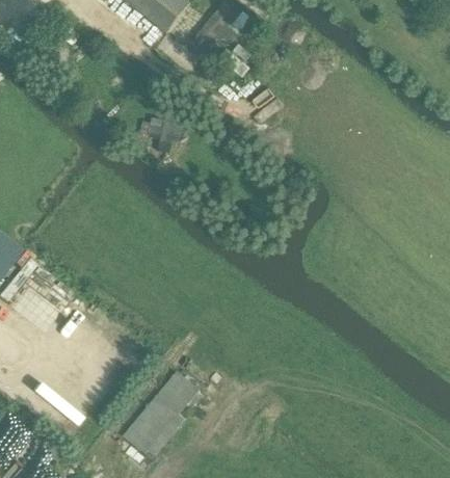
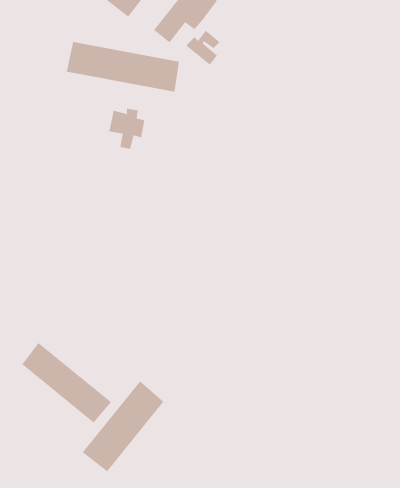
building: none -> [66,41,179,92]
building: none -> [21,342,112,423]

